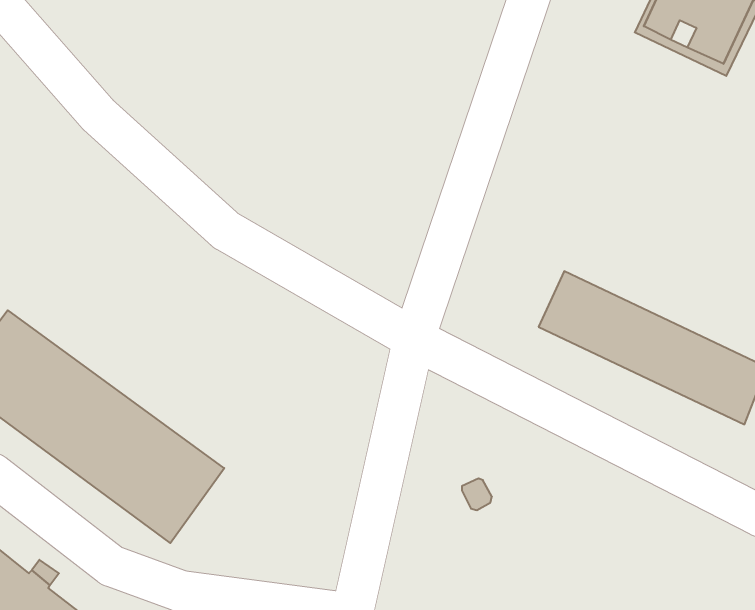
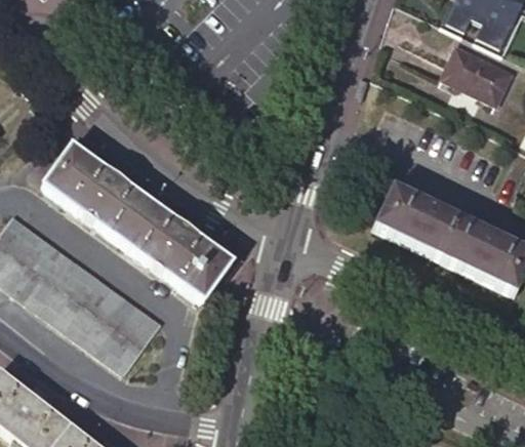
building: none -> [443,46,512,101]
building: none -> [43,149,229,300]

